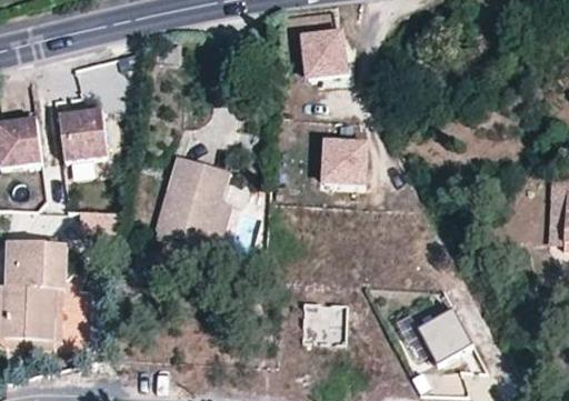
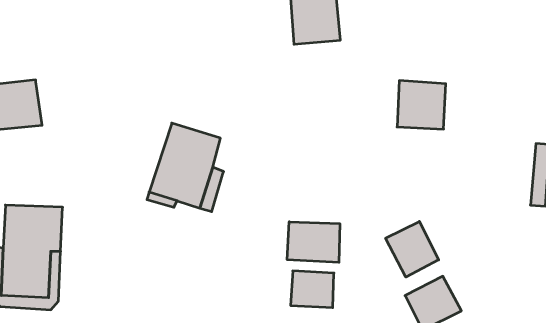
building: [58,106,112,159] -> none
building: [318,136,368,186] -> [397,81,446,129]
building: none -> [386,221,439,277]
building: none -> [287,222,340,262]

